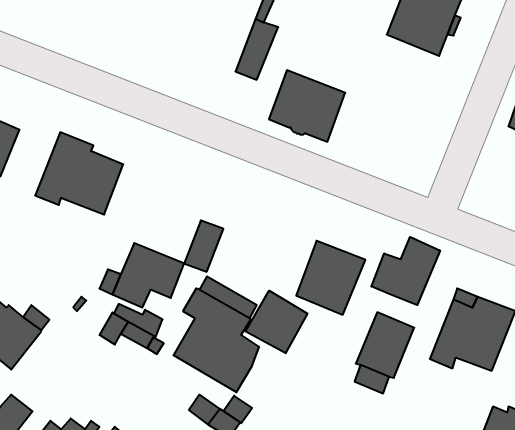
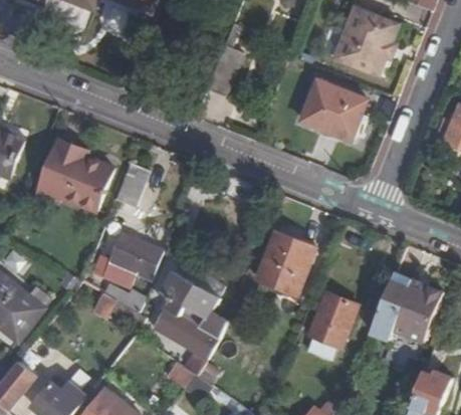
building: [269,70,345,142] -> [301,79,366,140]
building: [184,220,223,272] -> [114,163,148,206]
building: [371,237,440,305] -> none
building: [246,291,307,353] -> none

